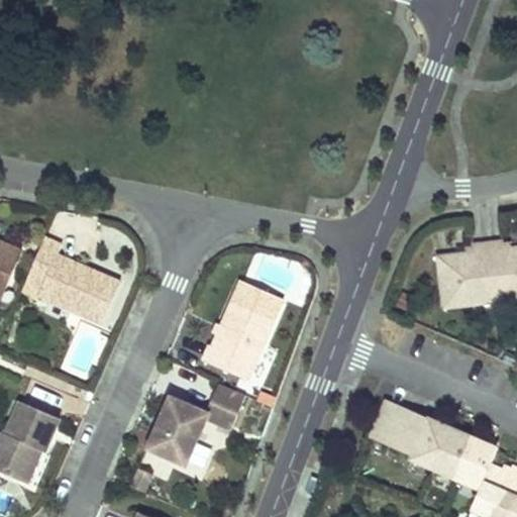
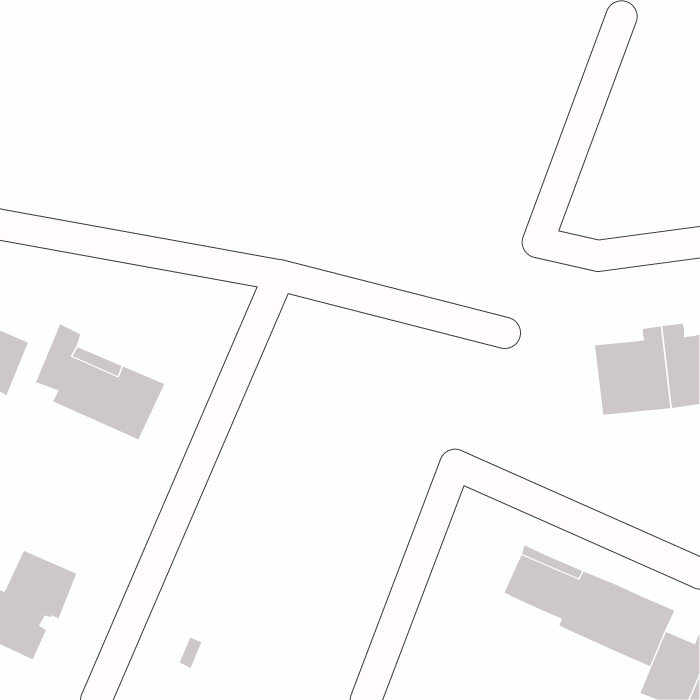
building: [203,281,284,381] -> none
building: [147,384,246,467] -> none

